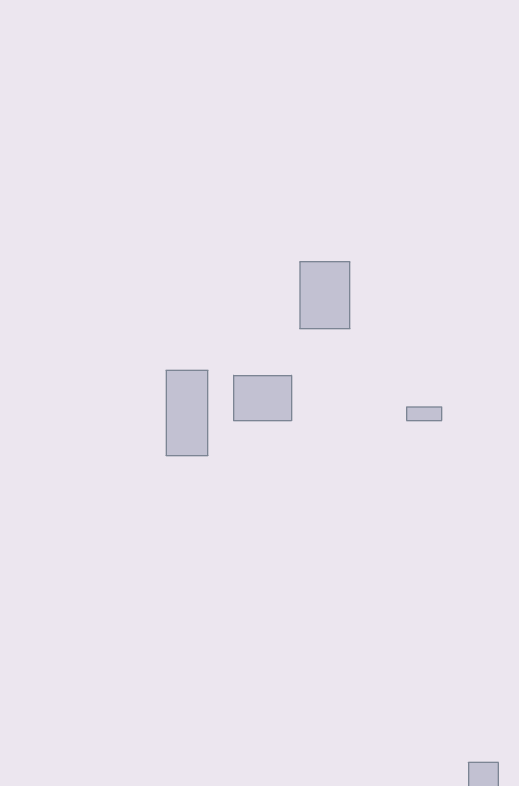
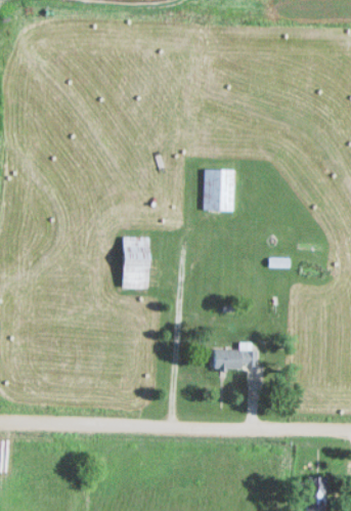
building: [234,375,291,421] -> none
building: none -> [214,349,257,370]

